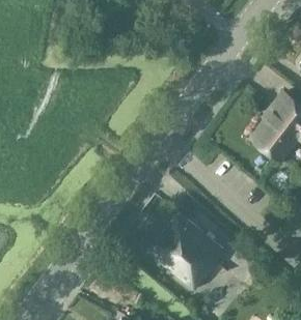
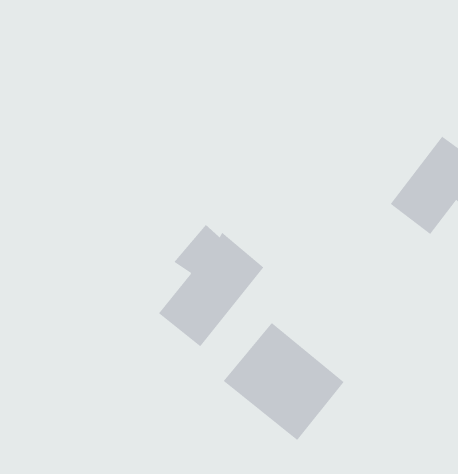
building: none -> [158,224,264,347]

